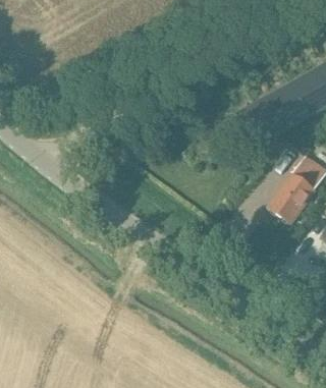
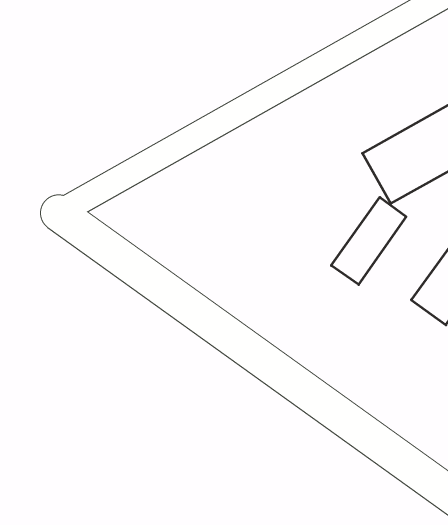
building: none -> [331,197,406,285]

